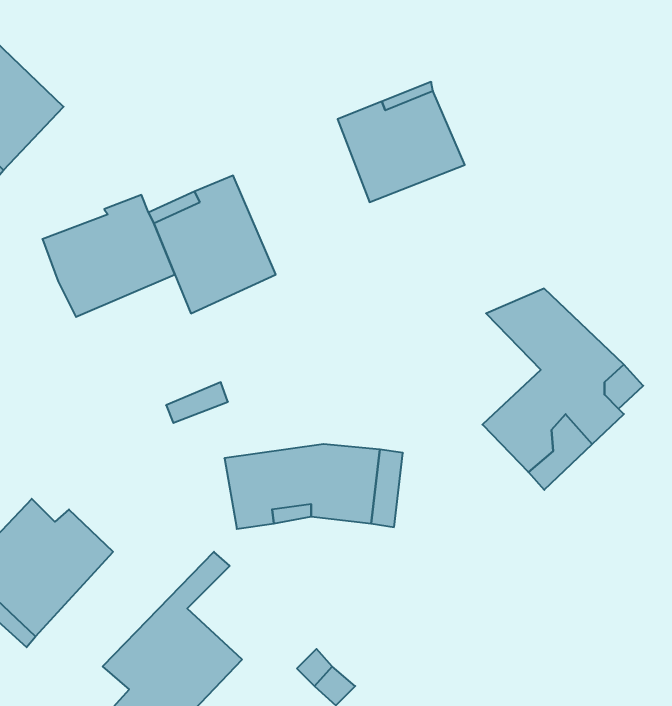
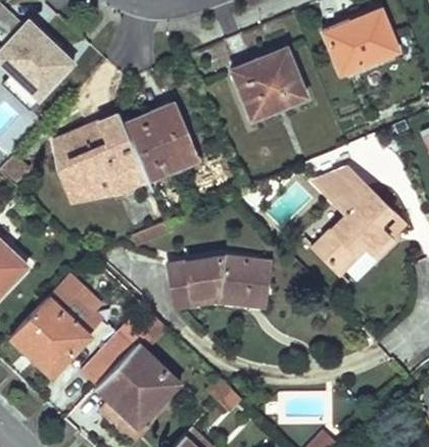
building: none -> [324,10,397,74]
building: none -> [59,160,147,201]
building: none -> [83,313,160,387]

